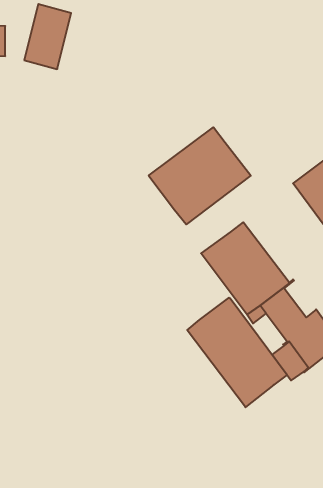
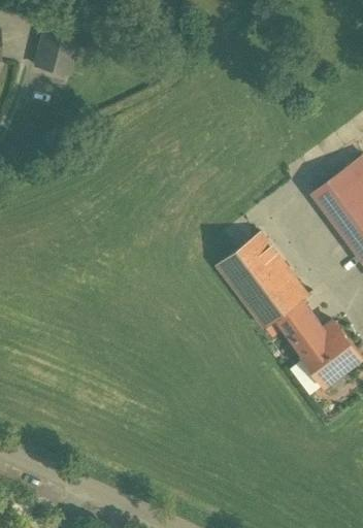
building: [149,127,251,224] -> none
building: [187,298,287,407] -> none

